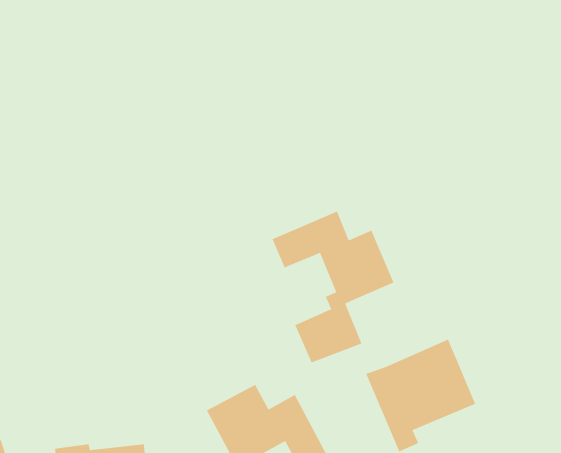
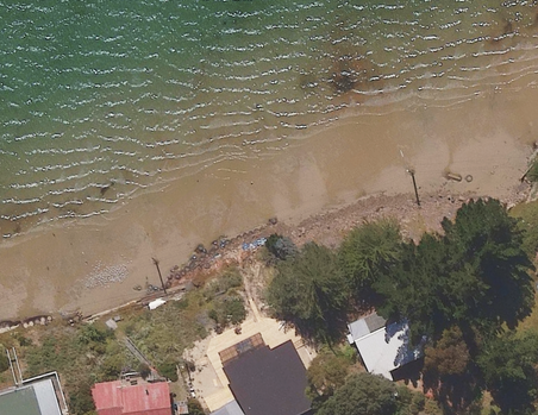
building: [271,211,395,364] -> none

